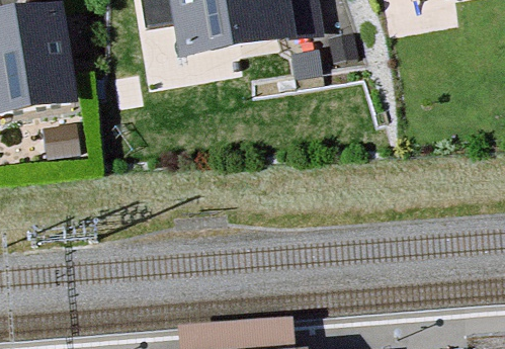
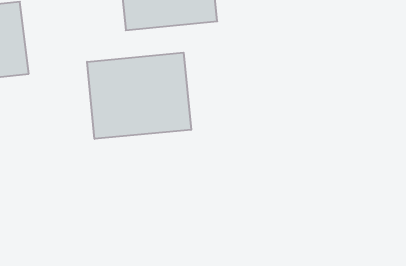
building: none -> [87,53,191,139]

